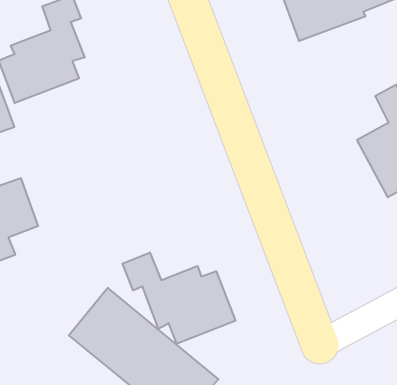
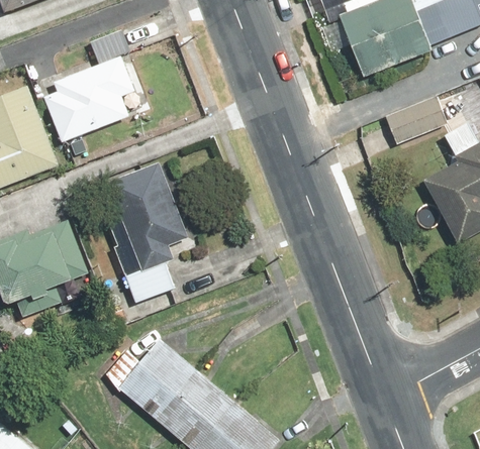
building: none -> [385,97,448,143]
building: none -> [107,162,188,304]
building: [122,252,235,344] -> none

